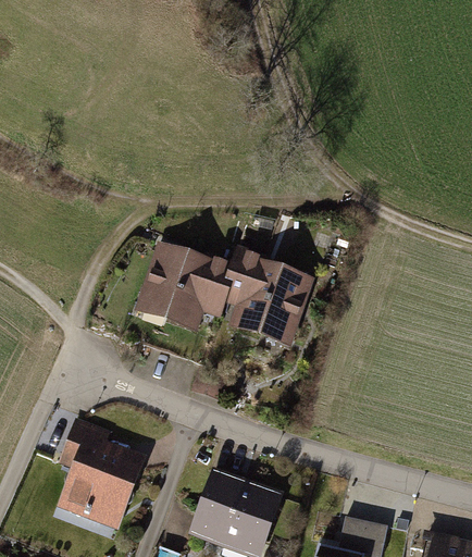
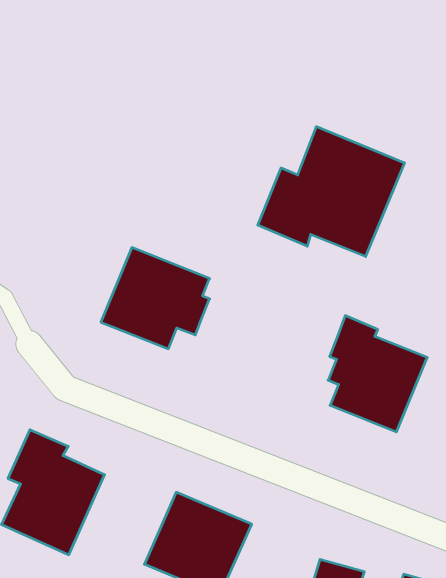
building: none -> [258,127,404,257]
building: [225,246,314,349] -> [328,316,427,432]

